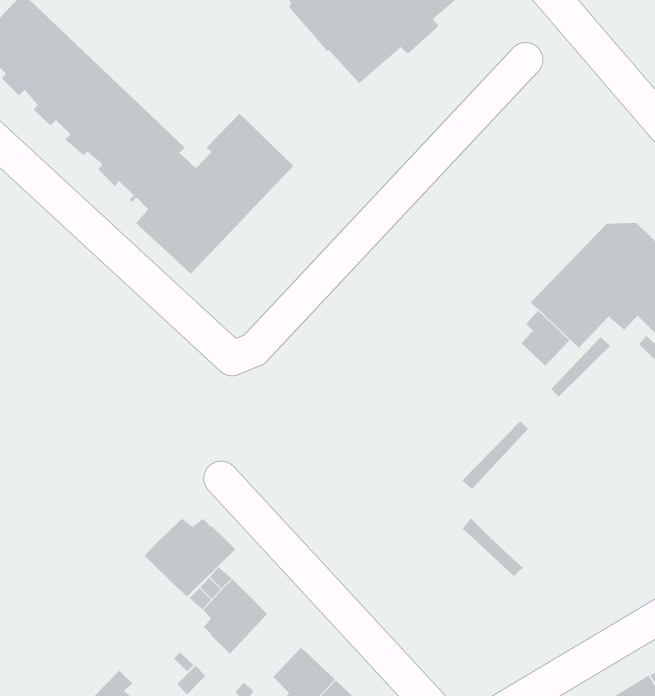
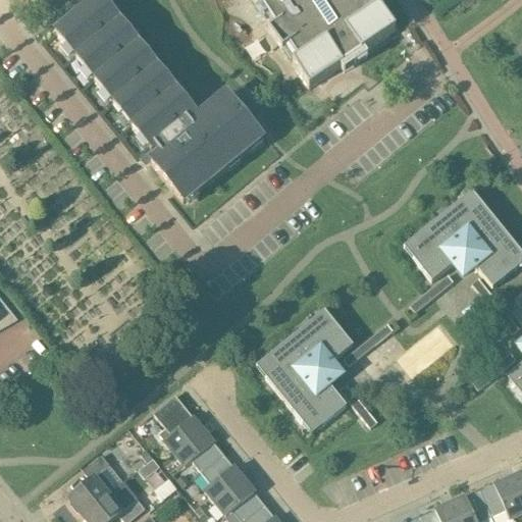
building: [521,310,570,366] -> none
building: none -> [268,318,355,423]
building: [144,518,236,597] -> none
building: none -> [177,429,225,471]

